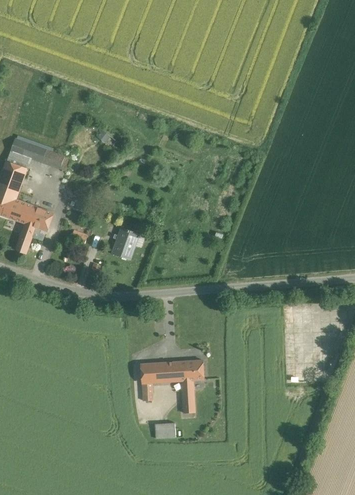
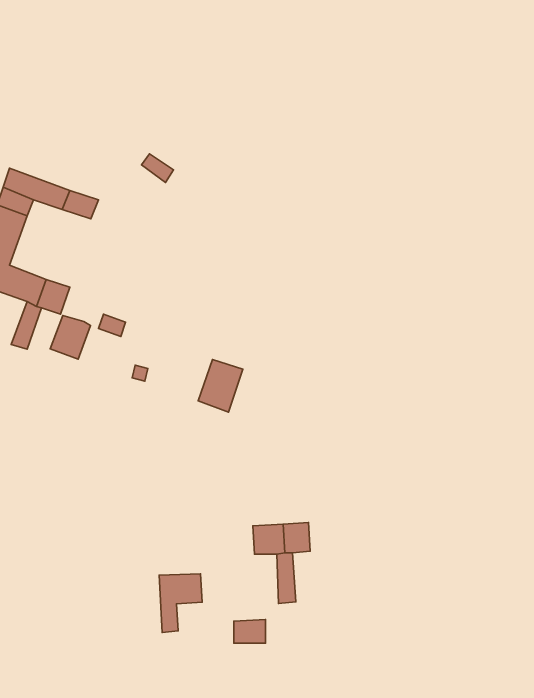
building: [111,227,139,260] -> [198,360,243,412]
building: none -> [50,315,91,359]
building: [141,363,168,400] -> [159,574,202,633]

